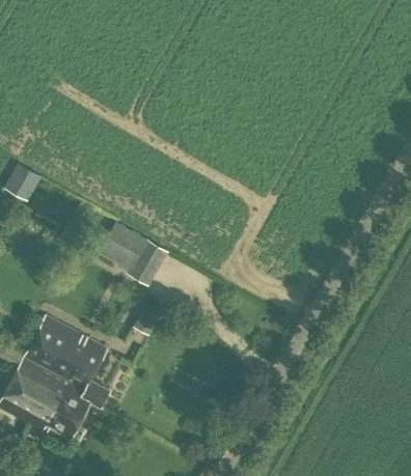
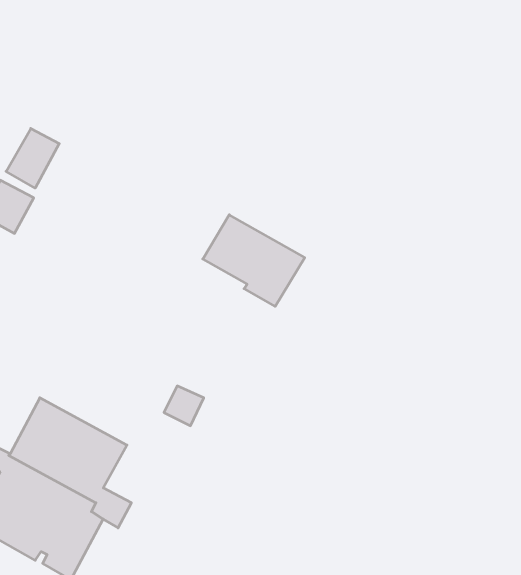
building: none -> [6,128,59,188]
building: [98,222,169,286] -> [203,215,305,306]

